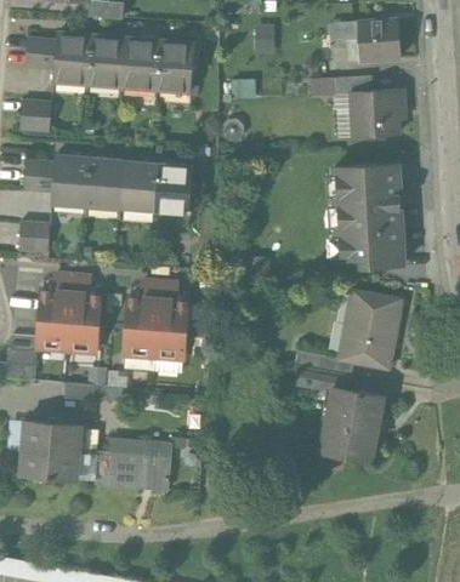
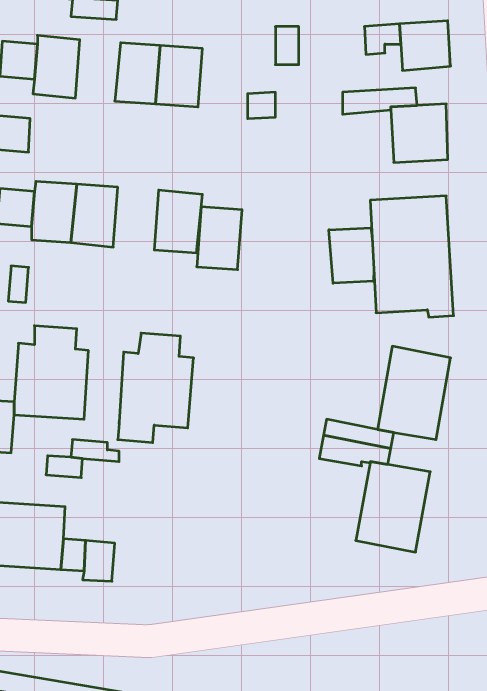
building: [89,36,126,87] -> none
building: [120,159,158,211] -> [197,207,242,270]
building: none -> [329,228,374,283]
building: [119,444,171,490] -> none

